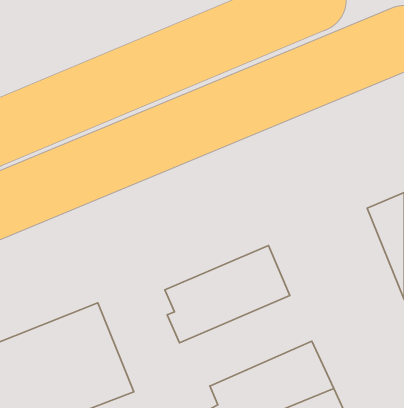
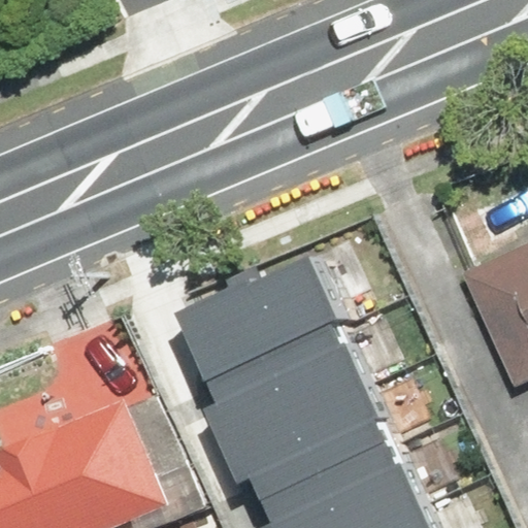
building: none -> [182,256,345,377]
building: none -> [227,385,394,499]

